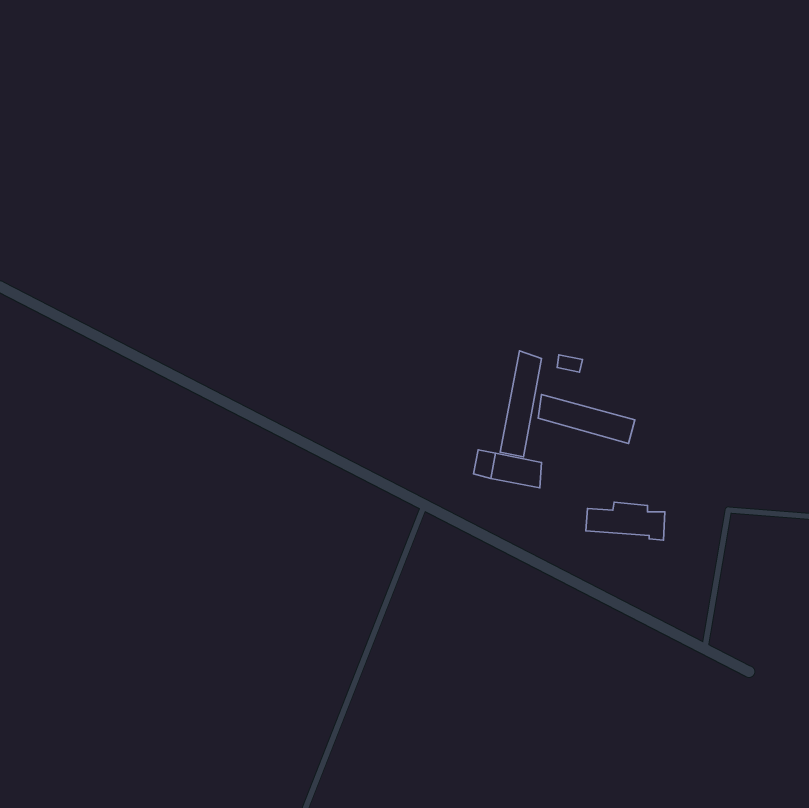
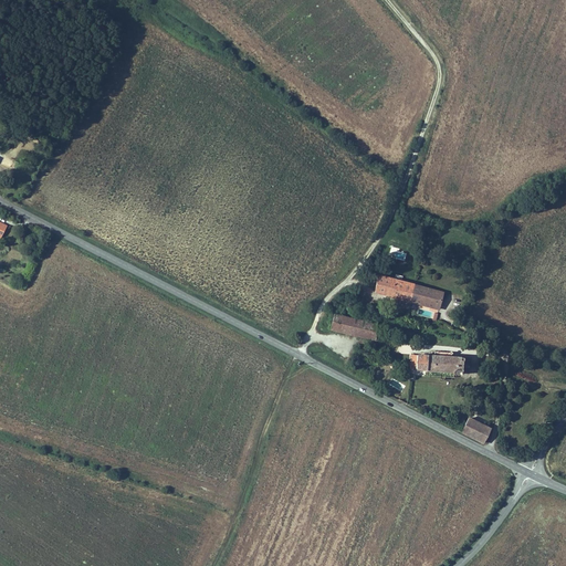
building: [500,351,542,457] -> none
building: none -> [461,417,492,443]

